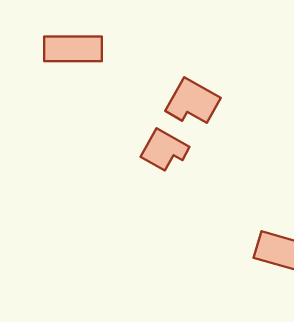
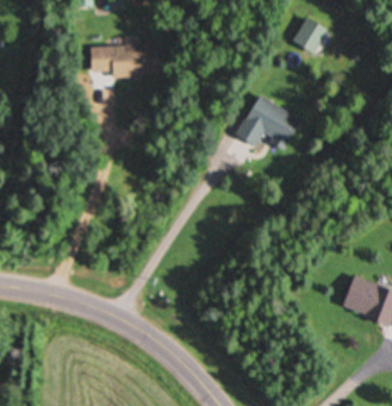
building: none -> [292,17,328,54]
building: [141,128,189,171] -> none

